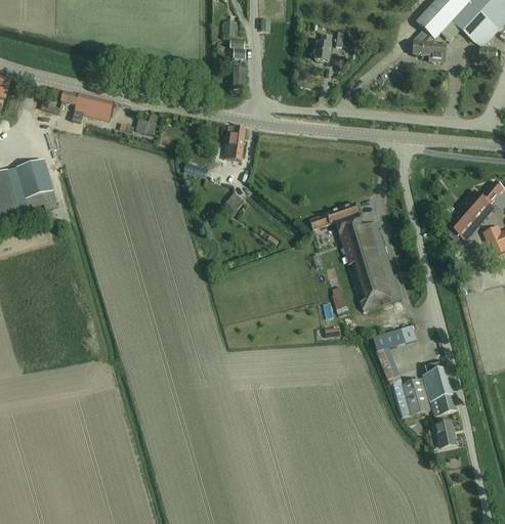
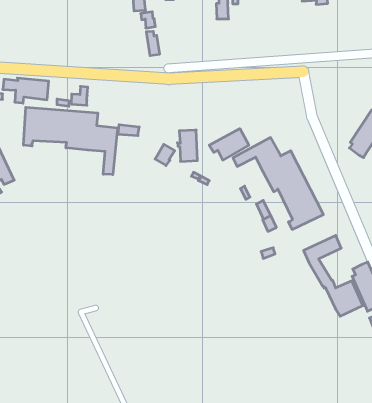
building: [223,124,247,161] -> [177,130,197,161]
building: none -> [24,107,118,175]
building: none -> [209,129,249,160]

